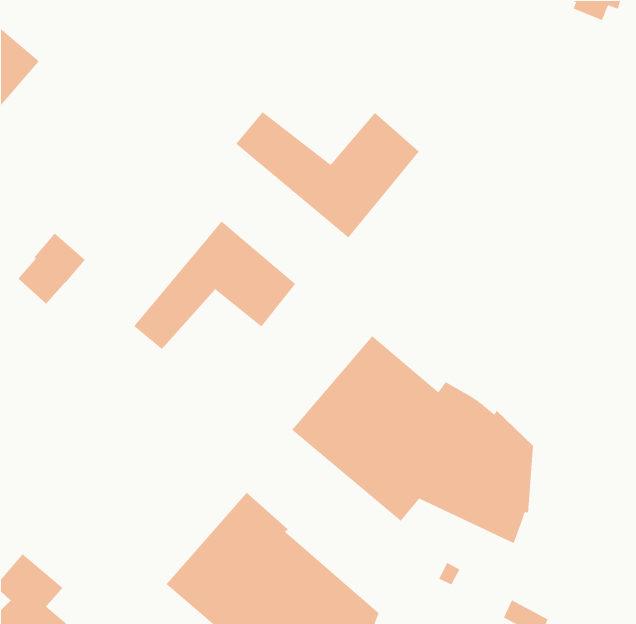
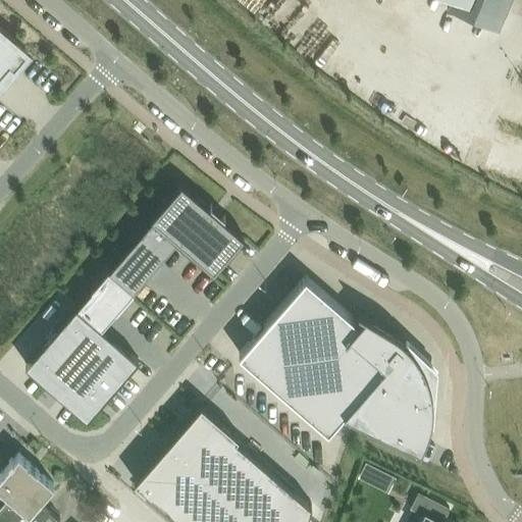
building: [235,111,420,238] -> none
building: [17,232,86,305] -> [77,276,134,335]
building: none -> [18,314,132,427]

